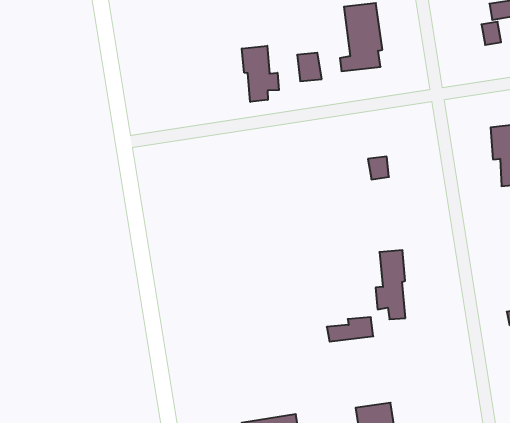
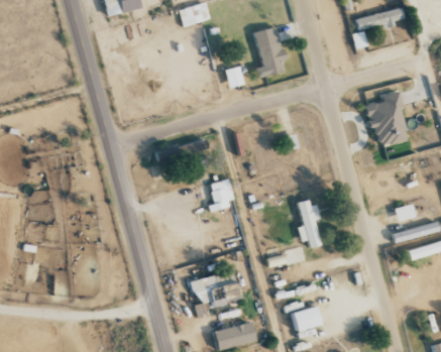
building: [242,46,279,102] -> none
building: none -> [207,179,235,210]
building: none -> [194,271,240,316]

